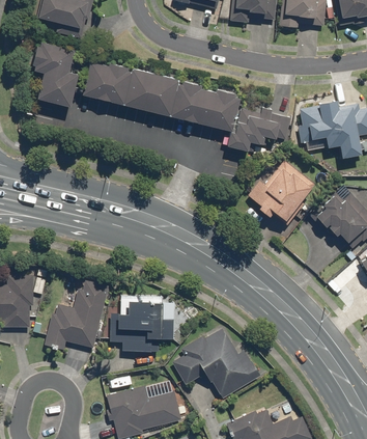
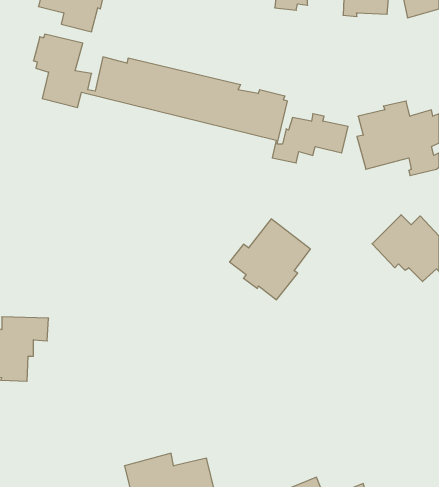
building: [249,160,315,226] -> [230,219,310,300]
building: [45,280,107,350] -> none
building: [110,294,181,352] -> none
building: [173,329,261,399] -> none

